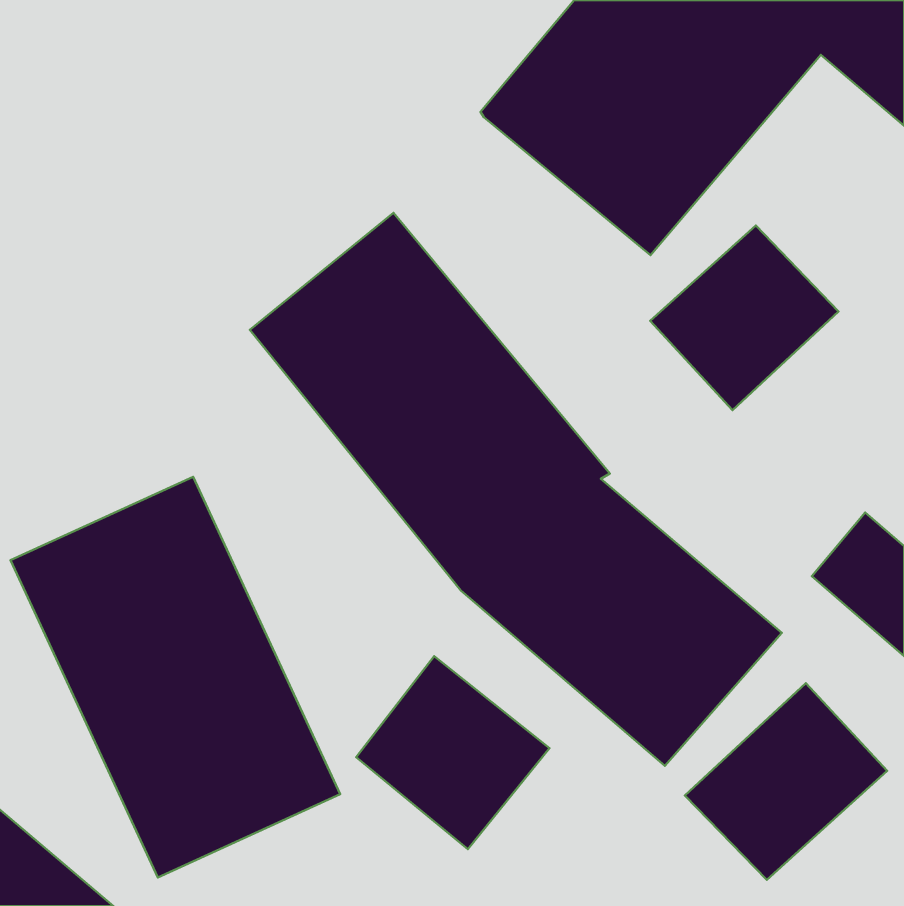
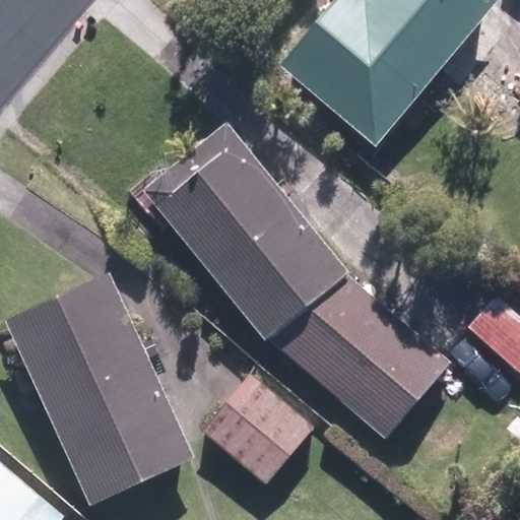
building: [650,226,839,410] -> none
building: [685,683,887,880] -> none

